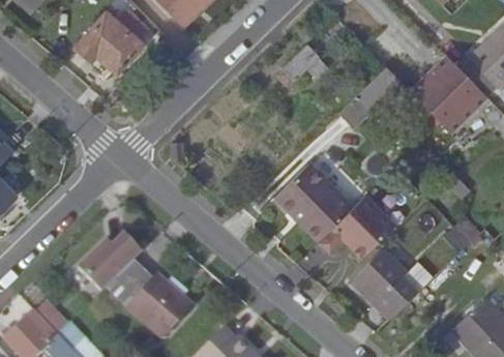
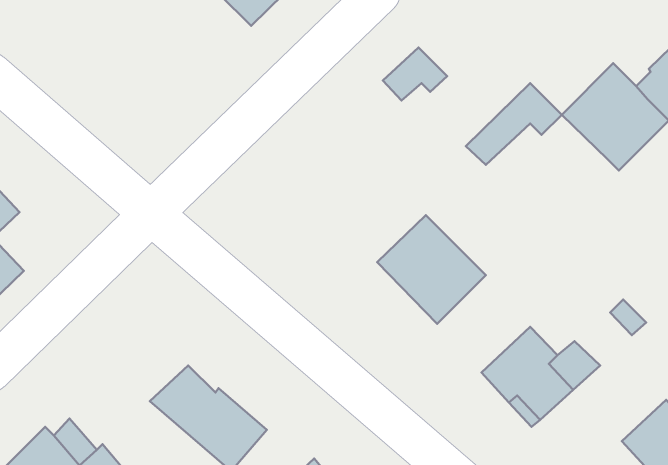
building: [75,8,143,69] -> none
building: [317,190,393,252] -> none
building: [81,240,146,297] -> none

